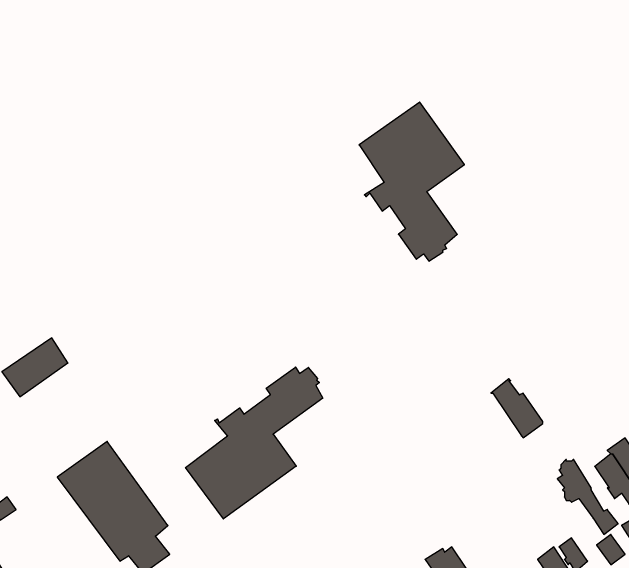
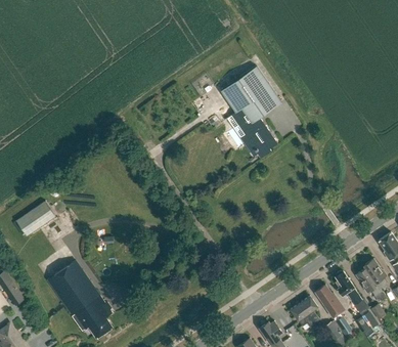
building: [186,367,323,519] -> none
building: [491,379,543,438] -> [315,285,345,318]
building: none -> [291,296,319,327]

